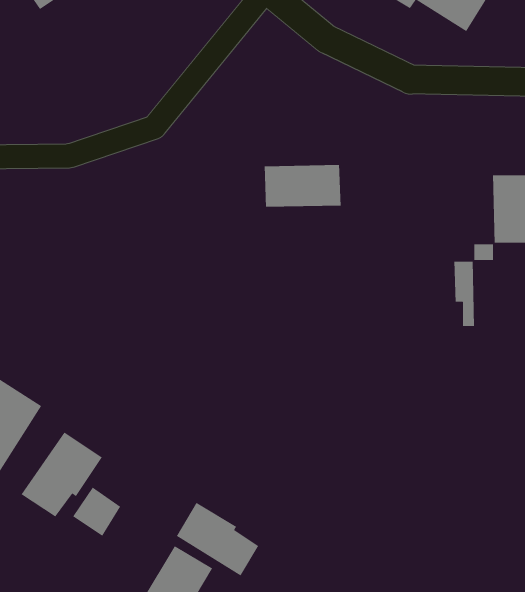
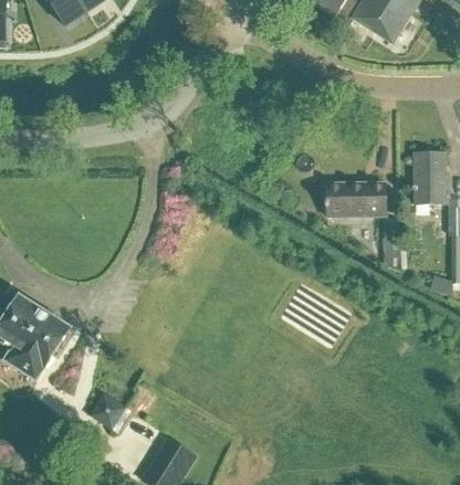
building: [264,164,341,207] -> [326,182,386,215]
building: [20,431,103,518] -> none
building: [176,502,259,577] -> none

